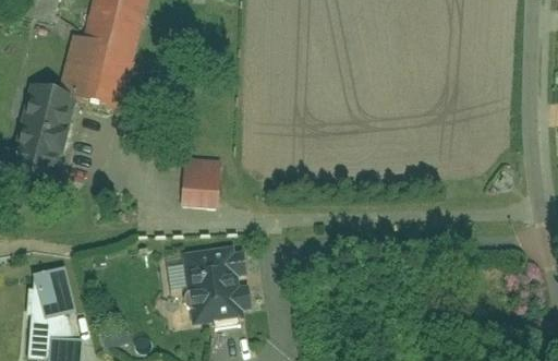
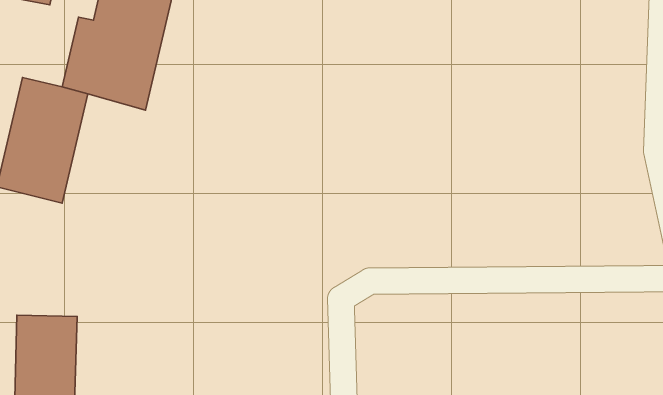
building: [175,158,218,210] -> none
building: [185,245,252,324] -> none

